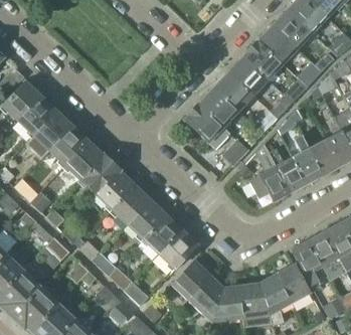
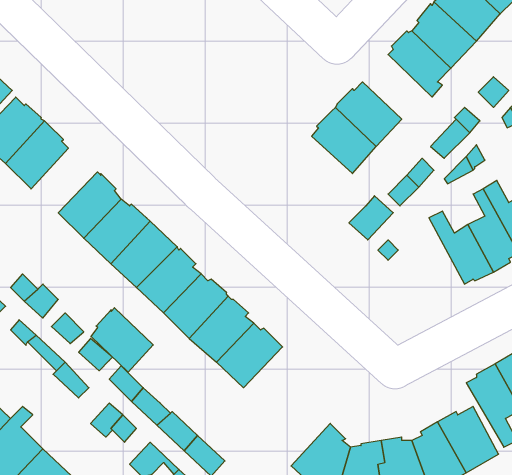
building: [229,55,271,94] -> none
building: [184,104,229,149] -> none
building: [33,111,72,149] -> none
building: [248,144,290,201] -> none
building: none -> [91,308,153,372]
building: [159,228,196,268] -> none
building: [171,261,210,299] -> none

